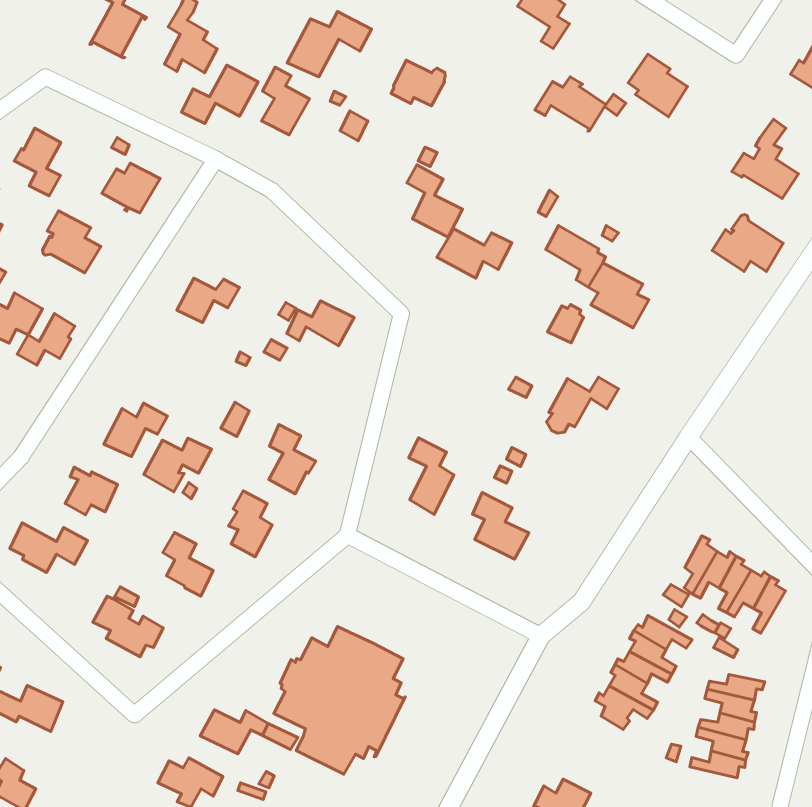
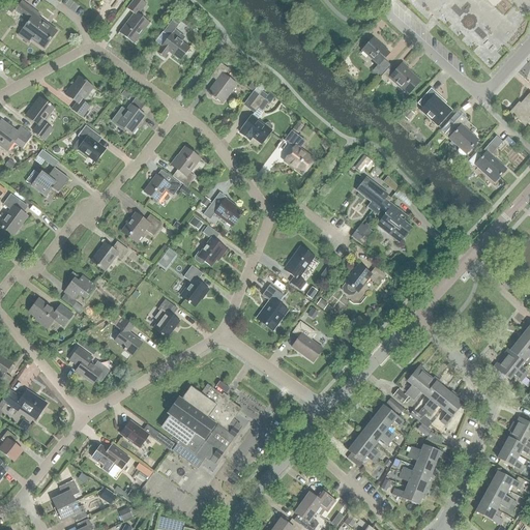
building: [287,11,371,77] -> none
building: [391,60,445,106] -> [240,114,272,142]
building: [181,65,258,123] -> none
building: [535,77,606,131] -> [380,61,420,93]
building: none -> [448,114,478,154]
building: [712,214,783,272] -> none
building: none -> [172,146,200,186]
building: [437,229,512,278] -> none
building: [17,314,75,365] -> none
building: none -> [195,225,227,264]
building: none -> [285,246,314,288]
building: [144,438,211,492] -> [122,212,163,242]

